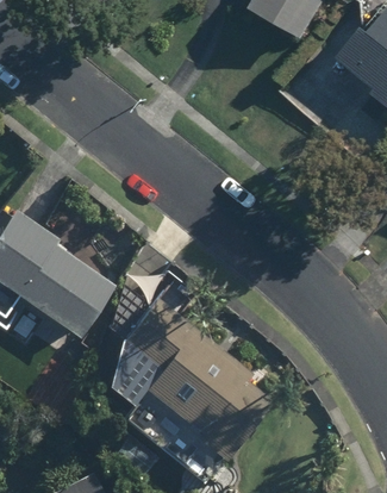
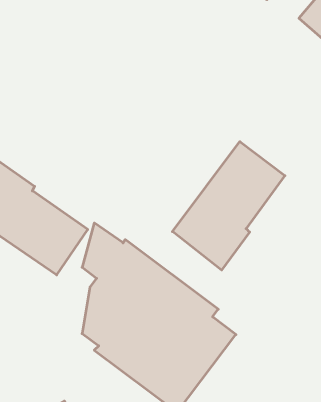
building: none -> [172,142,285,270]

